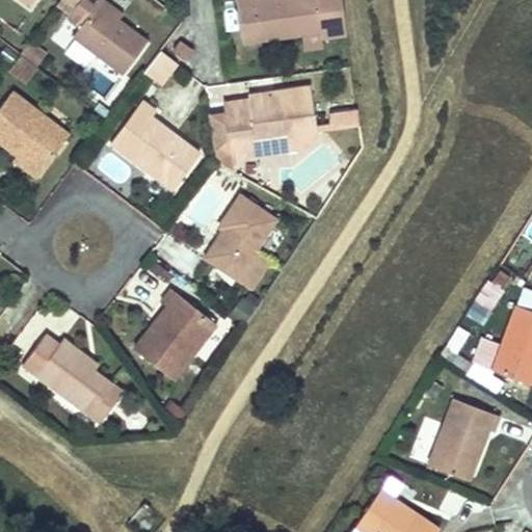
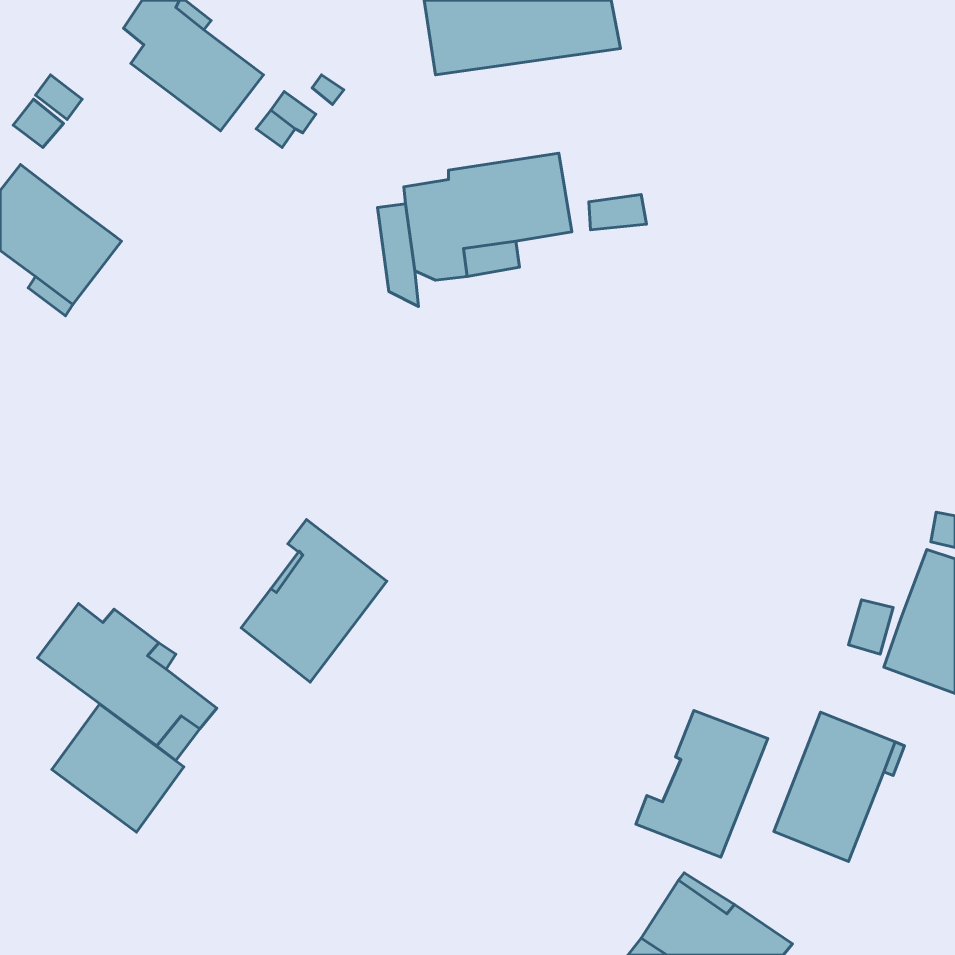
building: [109,101,197,188] -> none
building: [207,193,276,288] -> none
building: none -> [52,704,184,832]
building: none -> [636,711,768,857]

